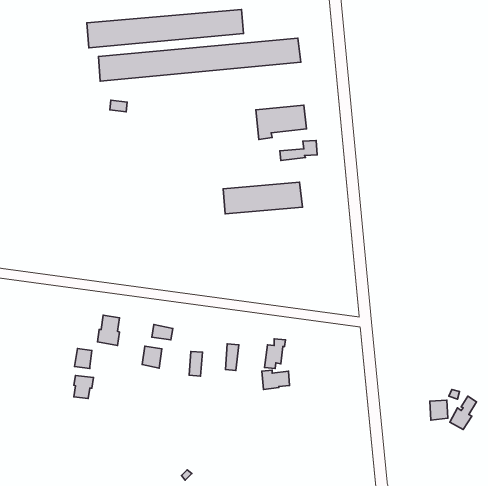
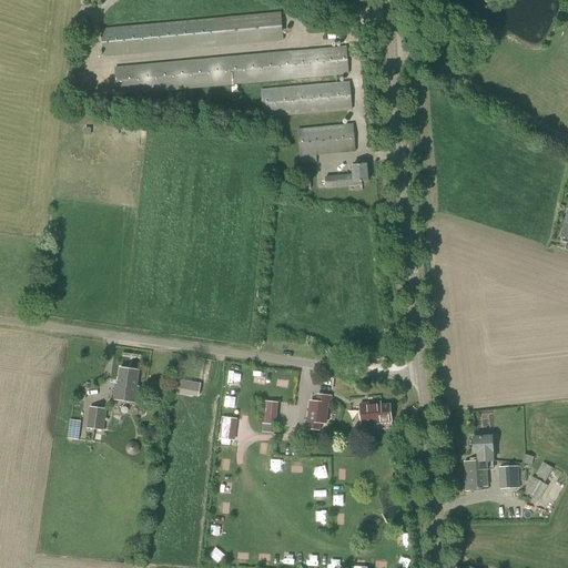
building: [223,182,302,214] -> [261,80,353,116]
building: [142,346,162,368] -> none
building: [262,370,289,389] -> [359,402,392,424]
building: none -> [464,435,494,489]
building: [74,376,93,399] -> none

